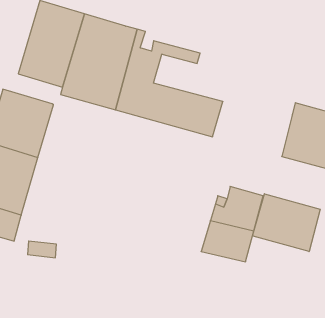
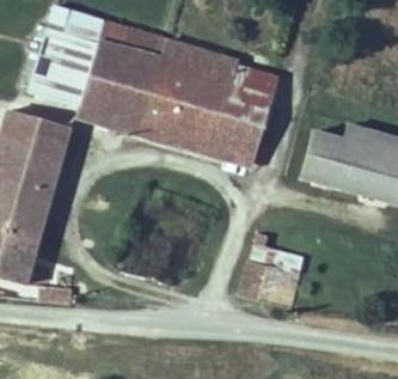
building: none -> [185,67,277,123]
building: none -> [302,130,345,187]
building: [253,194,320,252] -> none

